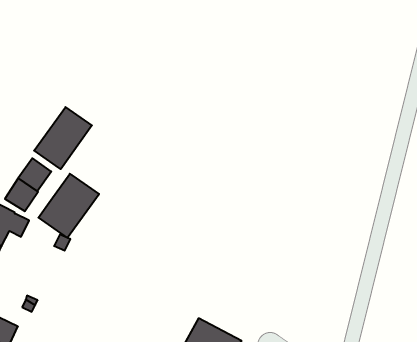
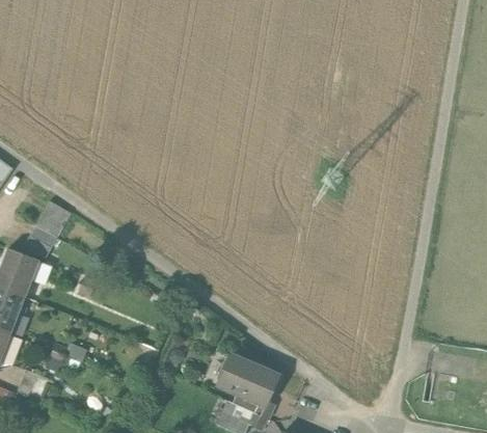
building: [34,107,92,169] -> none
building: [38,174,99,238] -> none

